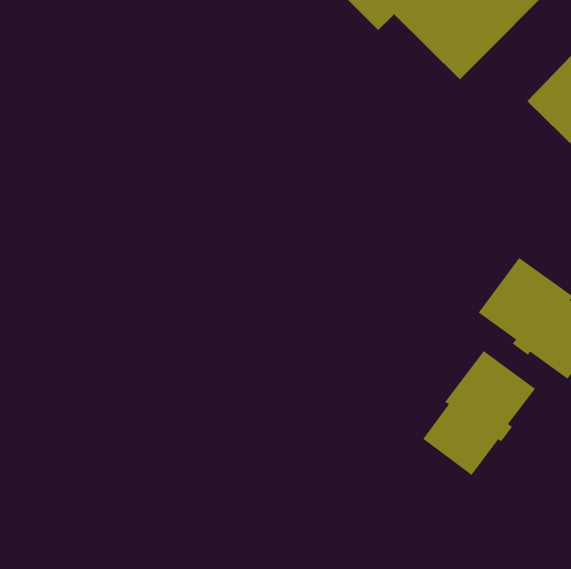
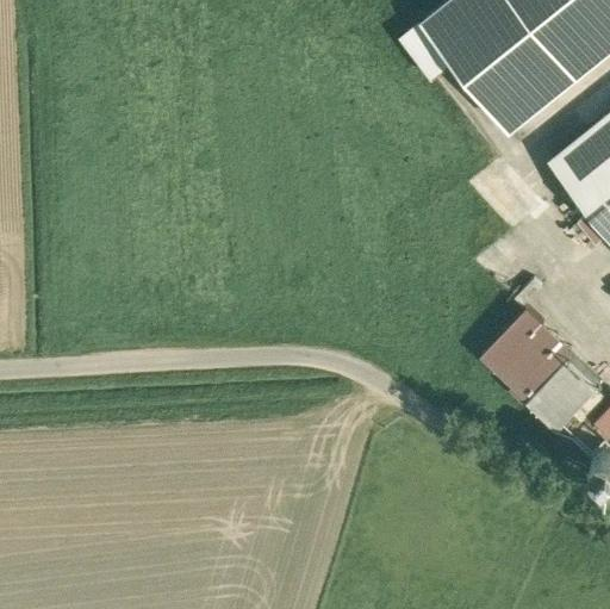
building: [422,350,536,476] -> none

